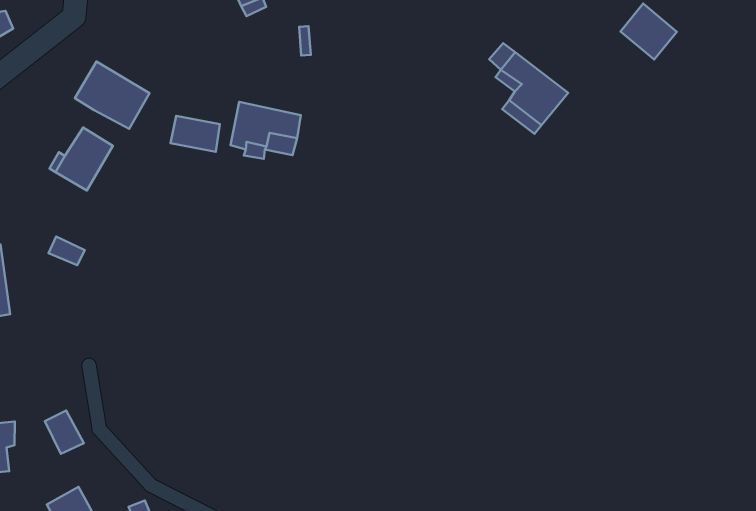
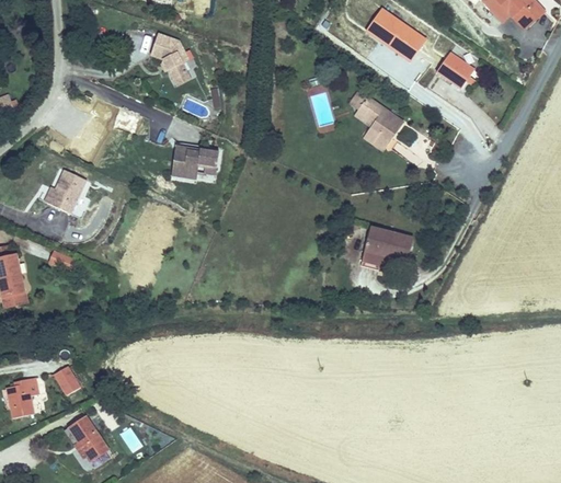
building: [75,62,149,129] -> none
building: [170,116,220,152] -> none
building: none -> [363,225,412,254]

